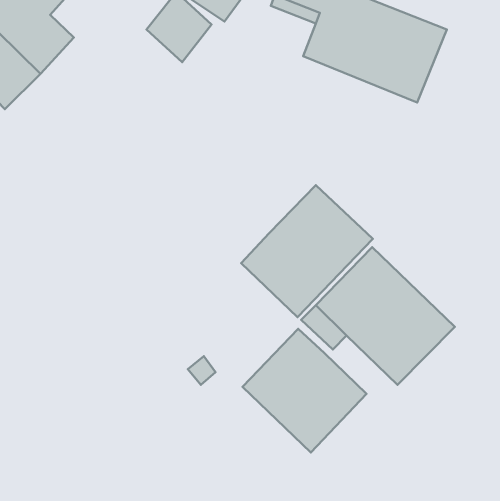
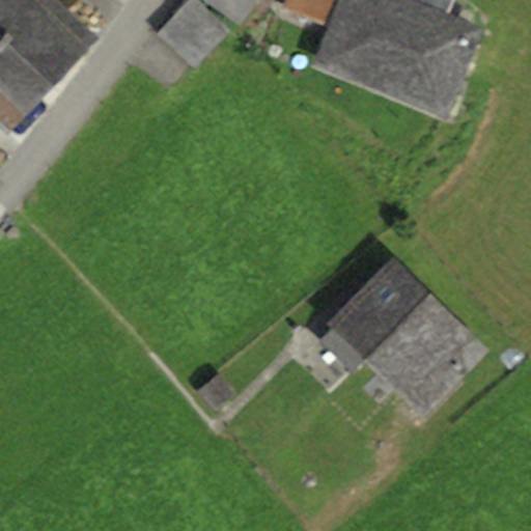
building: [241,185,373,317] -> none
building: [243,329,366,453] -> none

